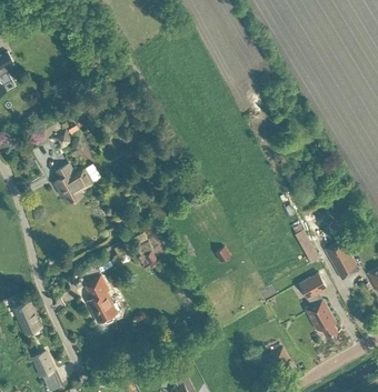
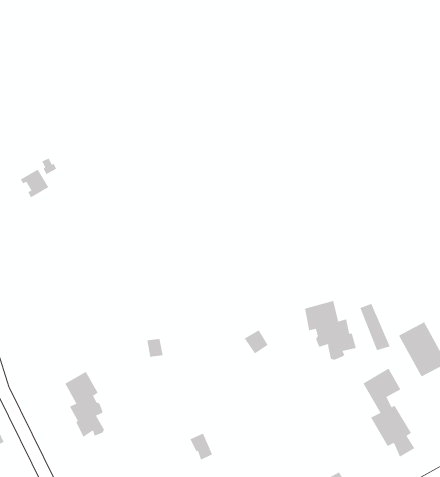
building: [54,164,91,203] -> none
building: none -> [304,300,356,360]

